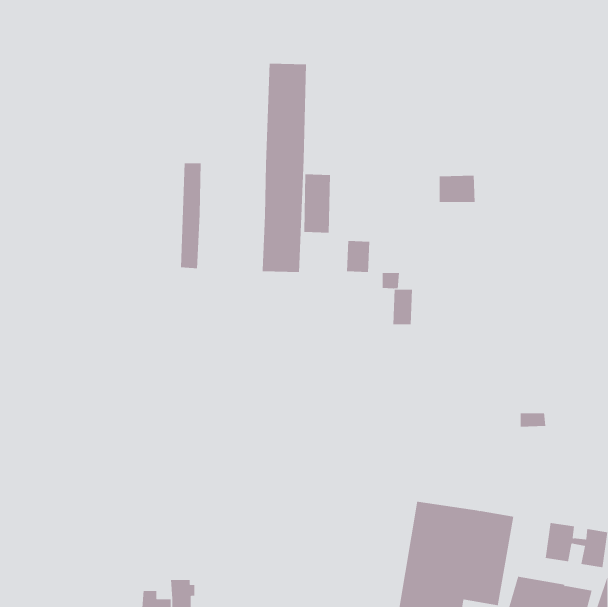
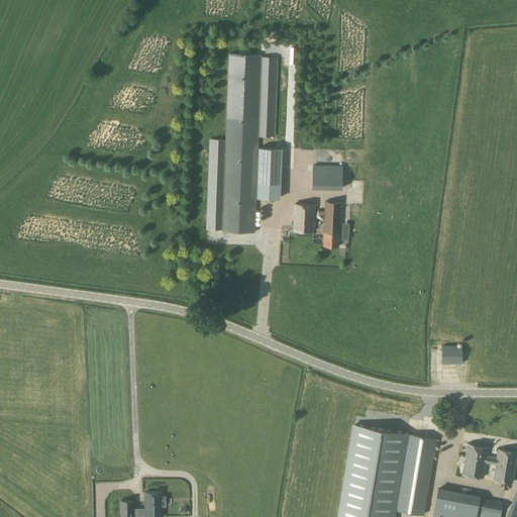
building: none -> [258,58,277,137]
building: [180,163,202,269] -> [207,140,225,230]
building: [439,175,476,202] -> [312,166,343,189]
building: [393,289,413,325] -> [324,202,341,232]

